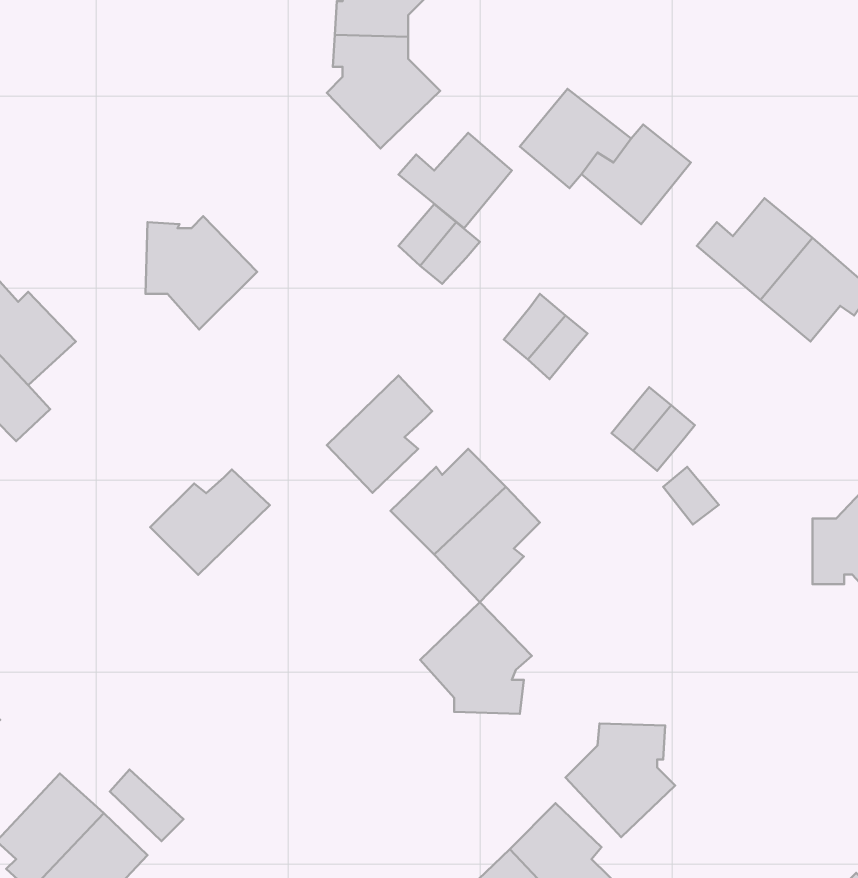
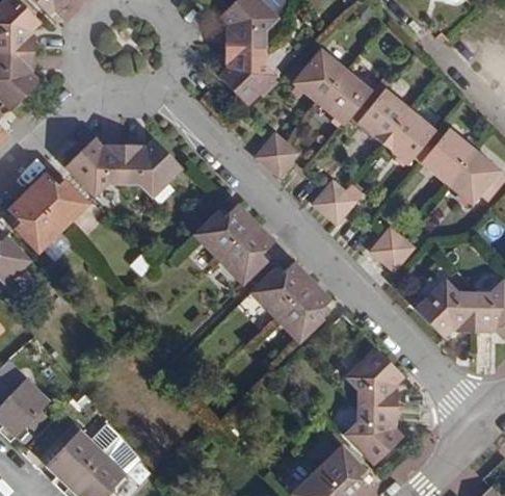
building: [398,133,512,228] -> [286,53,345,103]
building: none -> [383,111,442,162]
building: none -> [65,137,126,198]
building: [150,469,270,575] -> [194,204,257,259]
building: none -> [414,277,473,337]
building: [420,602,532,714] -> [344,347,402,406]

